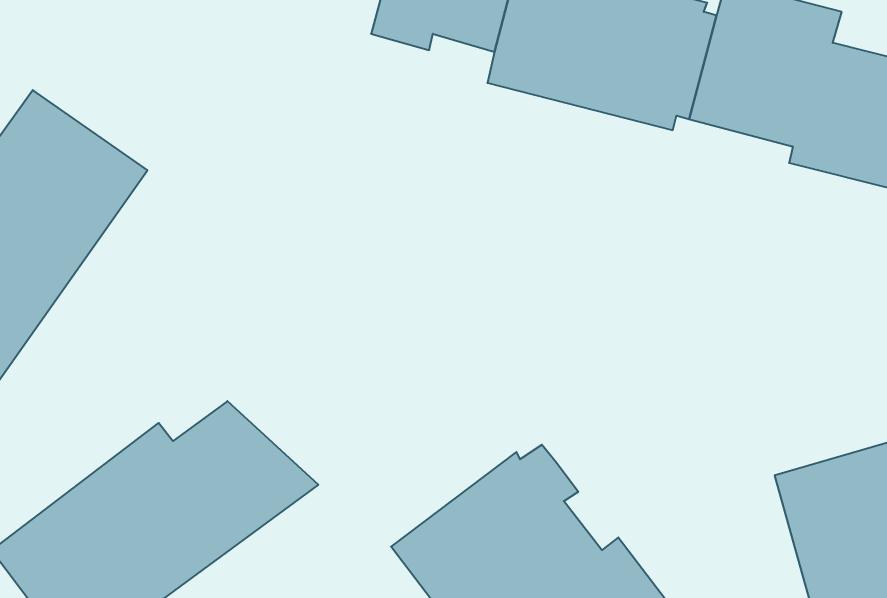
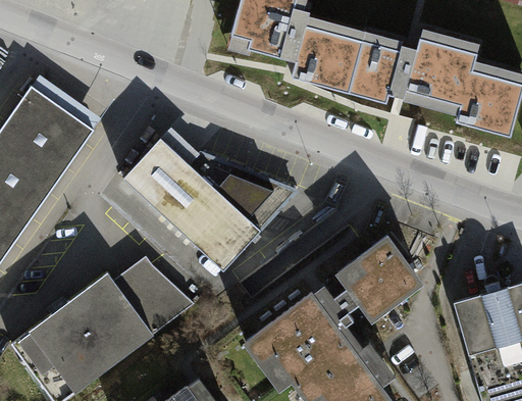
building: none -> [119,128,300,273]
building: none -> [328,232,419,321]

